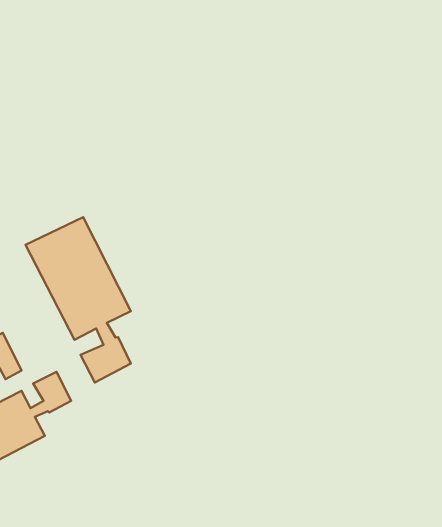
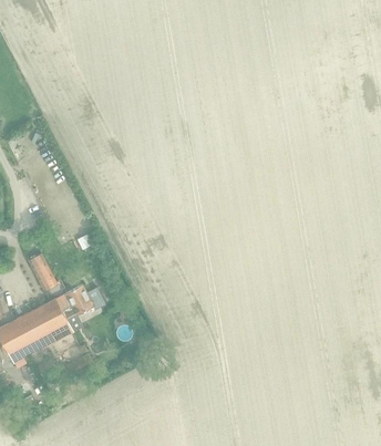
building: [25,217,131,382] -> none

